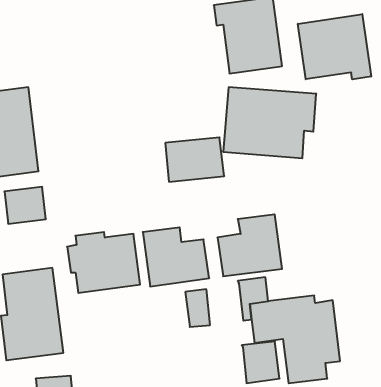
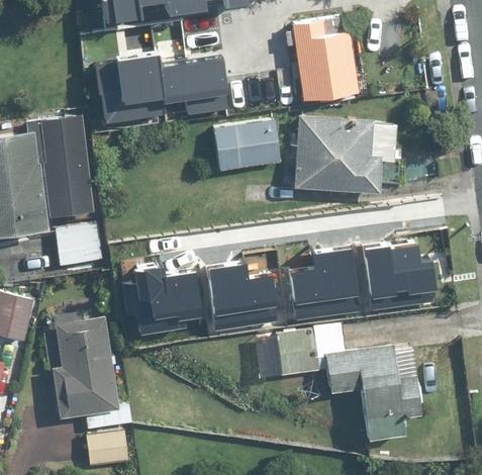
building: [298,14,371,79] -> none
building: none -> [95,46,223,120]
building: [165,137,224,182] -> [215,122,280,171]
building: none -> [367,247,440,311]
building: [242,342,280,383] -> [275,330,316,376]

